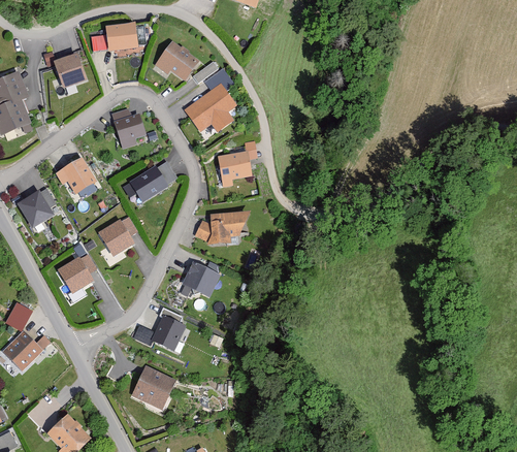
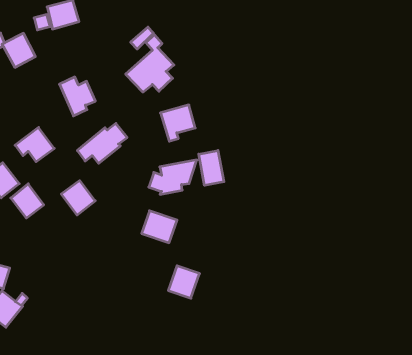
building: [155,39,201,80] -> none
building: none -> [199,150,224,185]
building: [58,257,93,294] -> [11,184,44,218]
building: [151,315,187,352] -> [168,266,200,298]
building: [132,365,176,410] -> none

